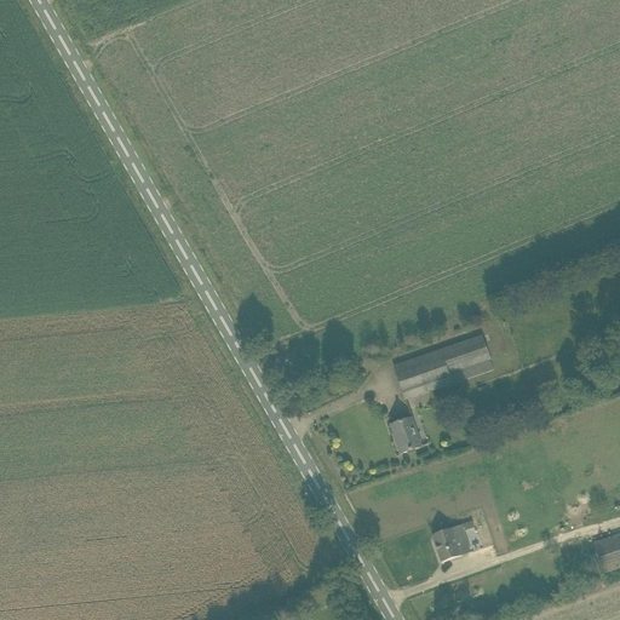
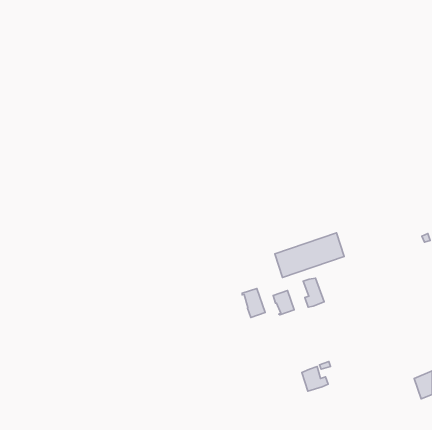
building: none -> [303,278,324,307]
building: none -> [242,288,265,318]

